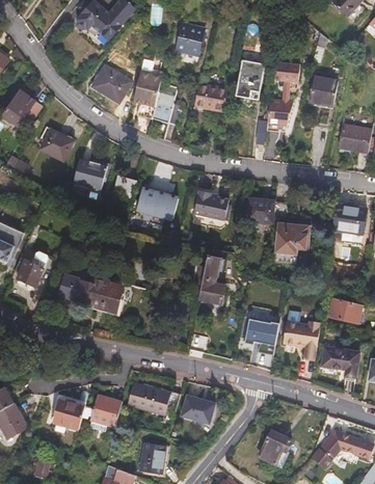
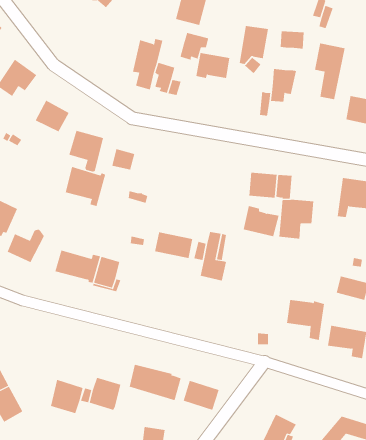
building: none -> [180,32,209,60]
building: [91,65,132,103] -> none
building: [136,184,167,215] -> none
building: [192,190,227,220] -> [243,206,279,237]
building: none -> [65,166,106,207]
building: none -> [155,232,193,259]
building: [240,320,273,347] -> none

